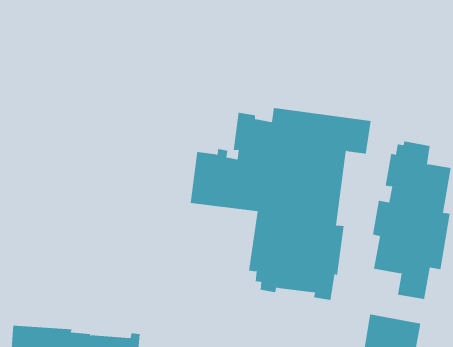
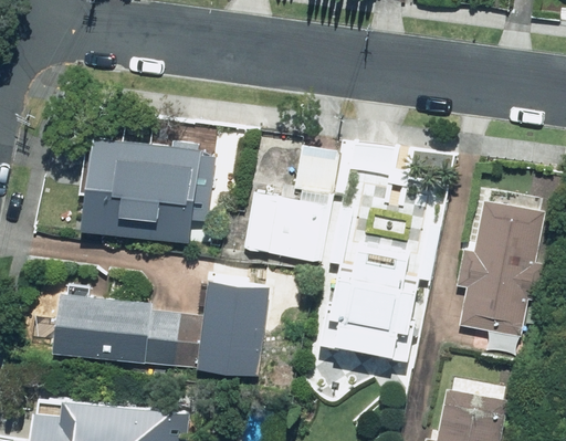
building: none -> [81,140,213,243]
building: none -> [53,276,263,398]

